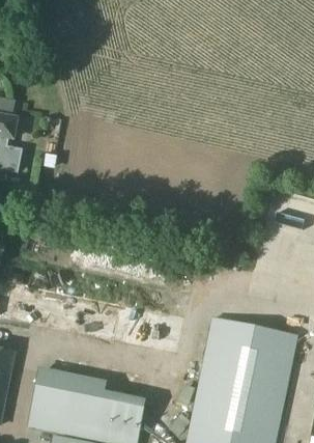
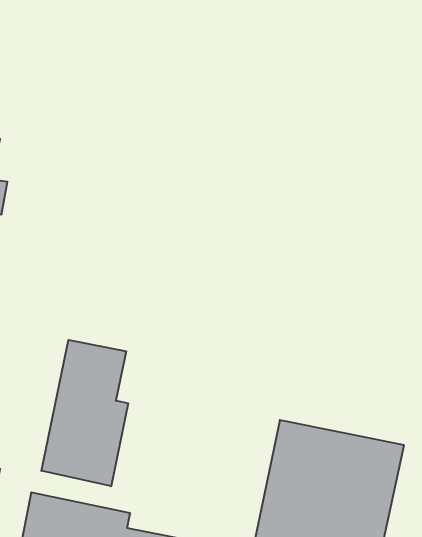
building: none -> [41,340,128,486]

